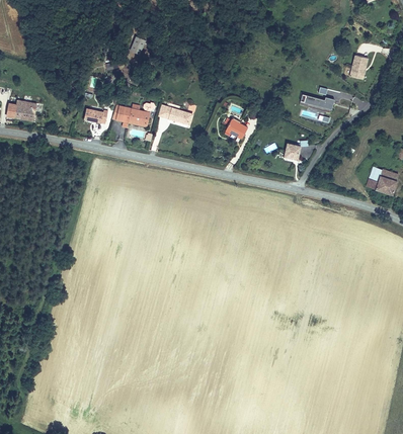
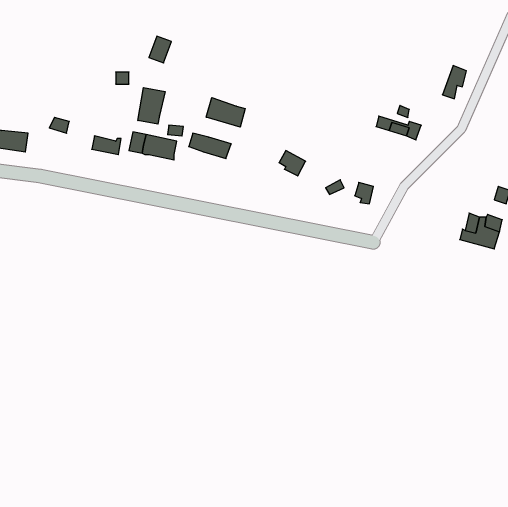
building: none -> [138,88,165,124]
building: none -> [206,98,245,127]

